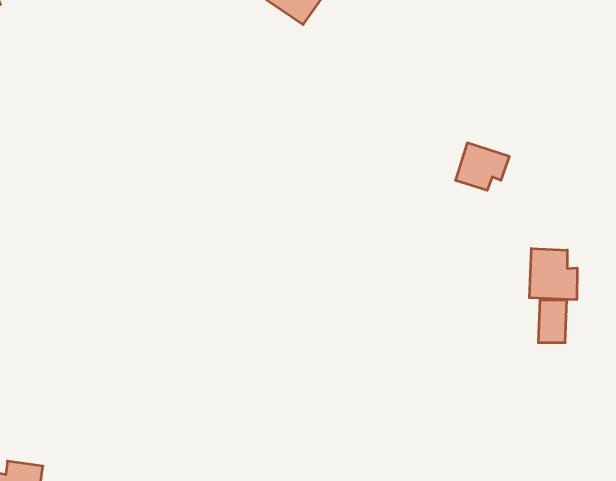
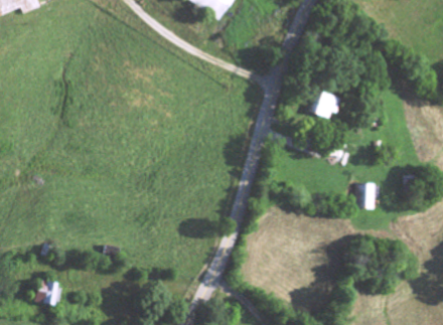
building: [529,248,577,300] -> none

